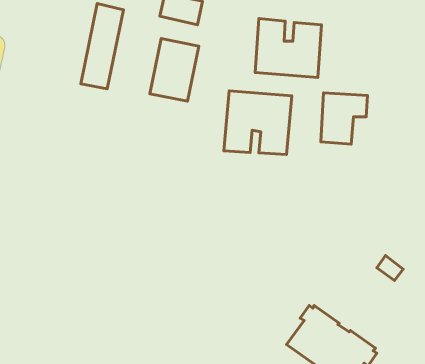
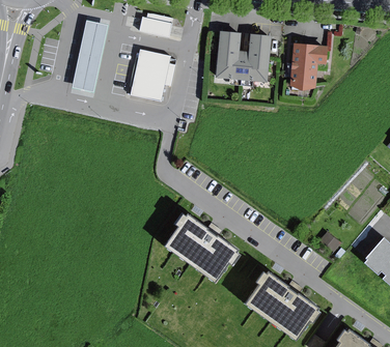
building: [224,91,292,155] -> none
building: [321,93,367,144] -> [291,47,330,89]
building: none -> [162,214,236,282]

